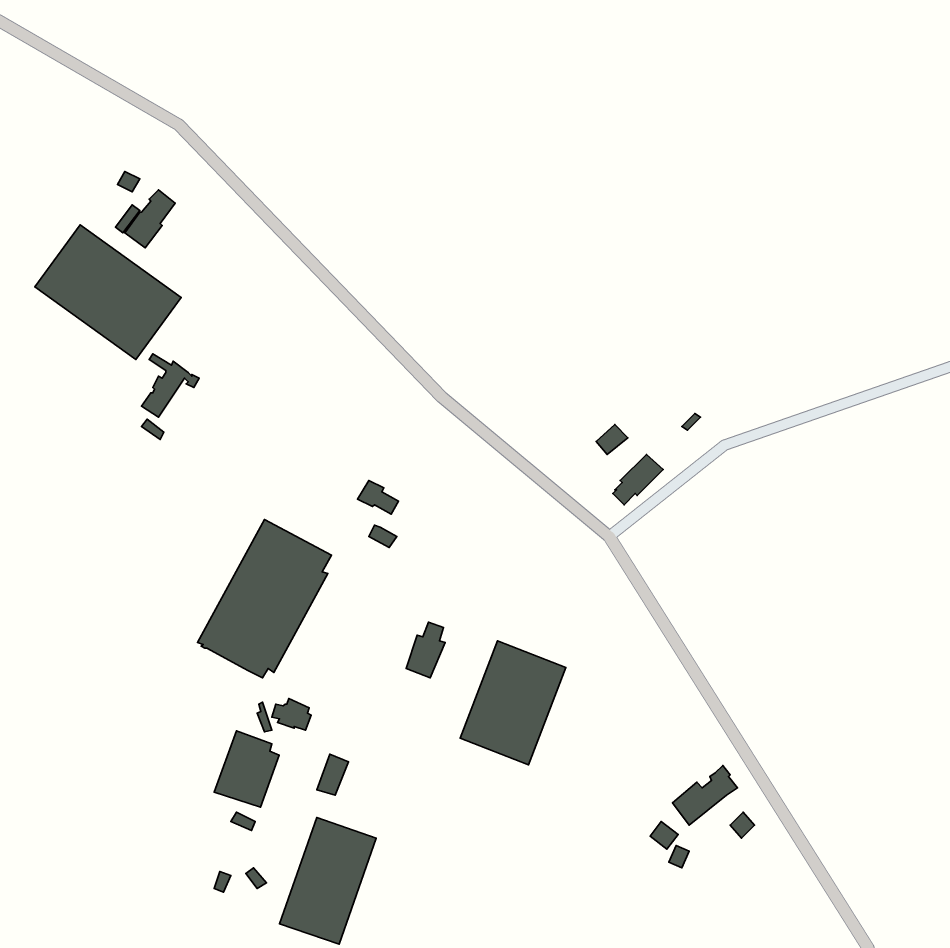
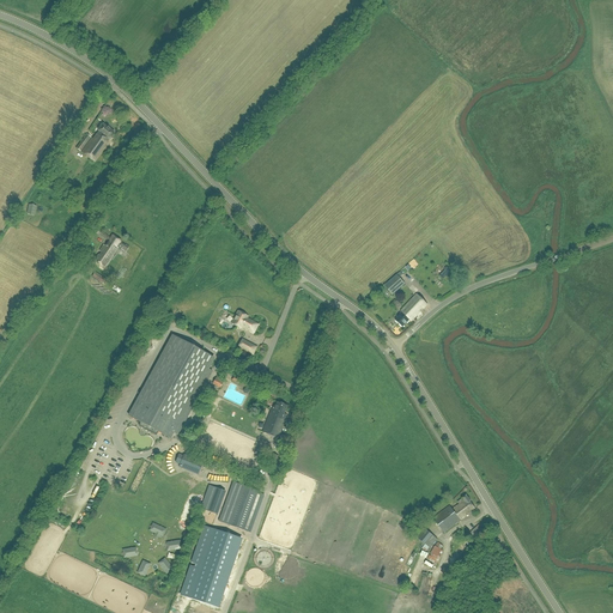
building: [35,225,181,360] -> none
building: [460,641,566,765] -> none
building: [214,731,279,807] -> [218,480,260,529]

